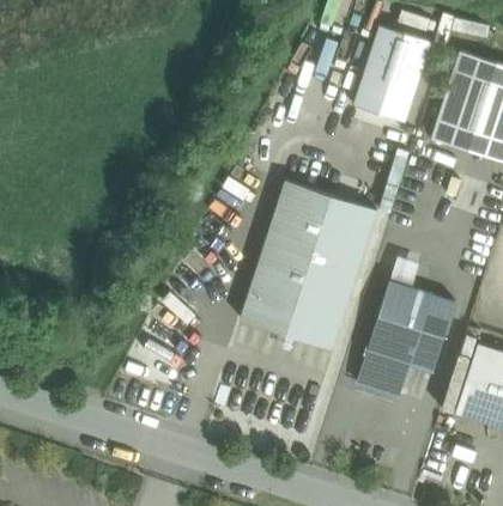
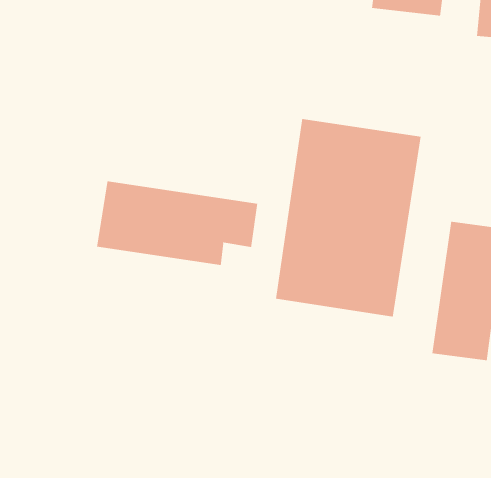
building: none -> [97,181,258,266]

